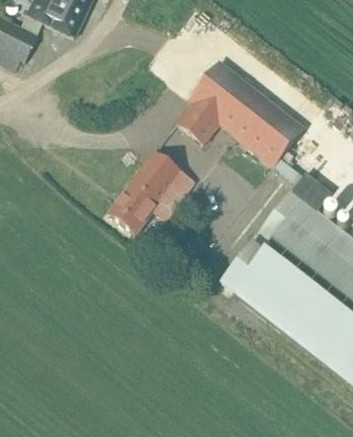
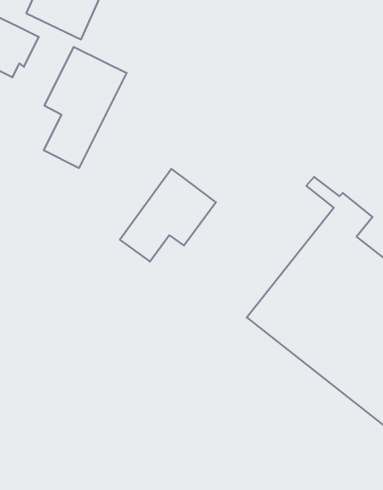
building: none -> [44,47,127,168]
building: [176,60,303,166] -> none

